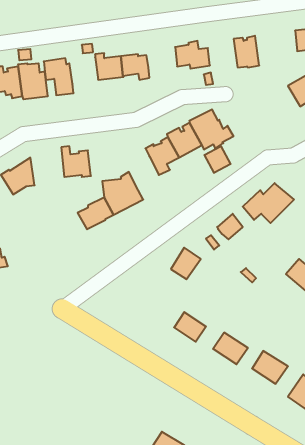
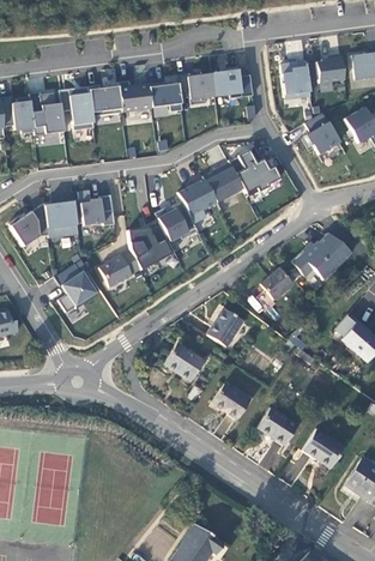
building: none -> [317,56,345,83]
building: none -> [179,72,216,103]
building: none -> [90,84,123,116]
building: none -> [306,113,341,155]
building: [204,146,231,173] -> none
building: none -> [44,199,79,237]
building: none -> [156,201,199,241]
building: none -> [55,263,98,312]
building: none -> [164,343,204,380]

